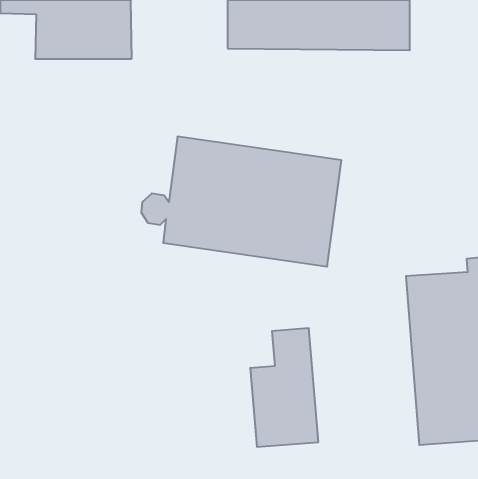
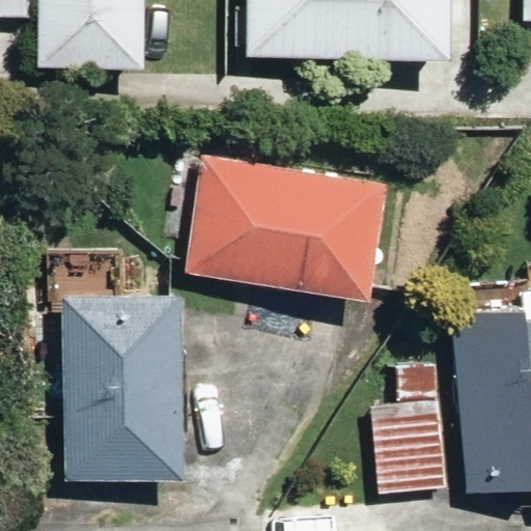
building: none -> [61,289,180,478]
building: [250,328,318,447] -> [372,363,447,493]

